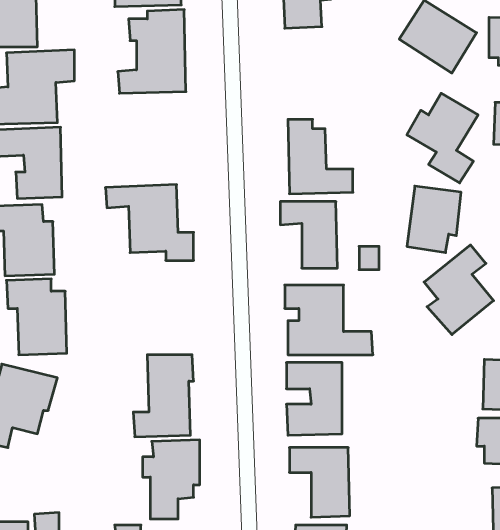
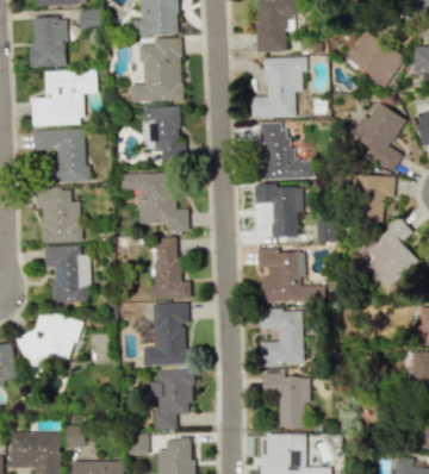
building: none -> [251,56,306,117]
building: none -> [142,106,184,162]
building: none -> [150,237,192,299]

